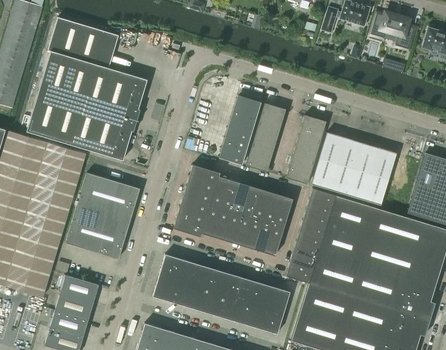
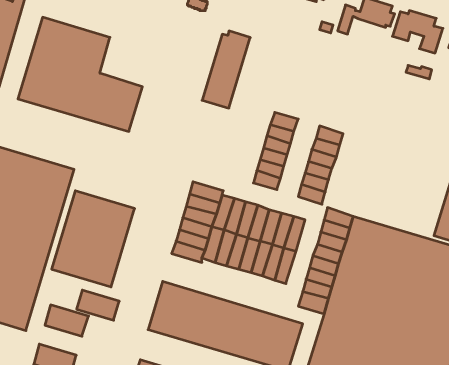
building: [24,91,135,161] -> none
building: [218,96,261,165] -> [202,31,250,108]
building: [311,132,396,205] -> none
building: [55,293,93,320] -> [77,290,119,320]

